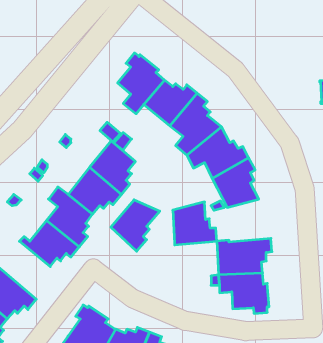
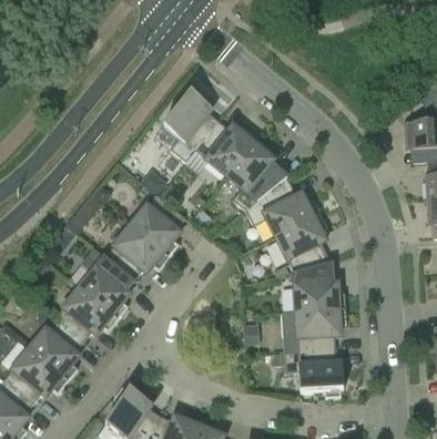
building: [111,200,160,251] -> none
building: [173,202,217,245] -> [293,262,345,313]
building: none -> [29,309,83,380]

